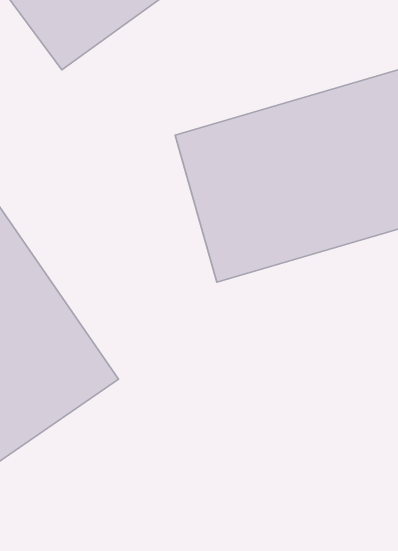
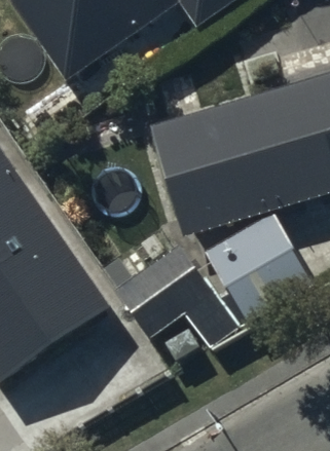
building: none -> [205,213,310,318]
building: none -> [114,245,239,348]

